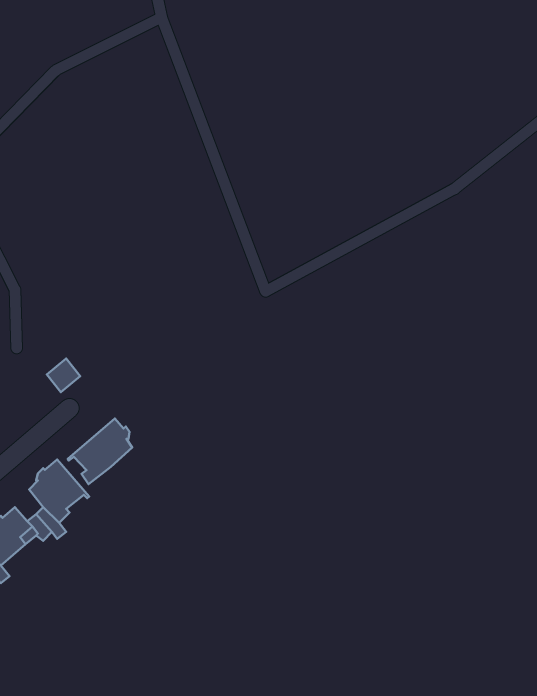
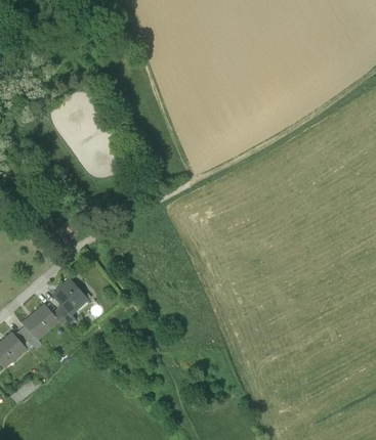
building: [68,418,132,484] -> none

